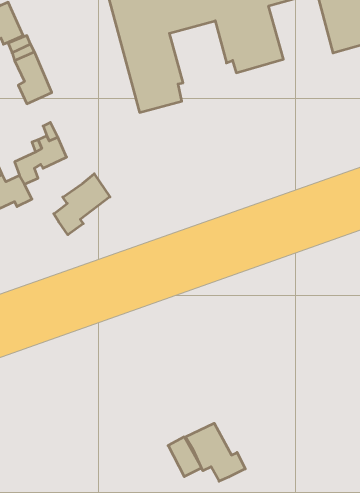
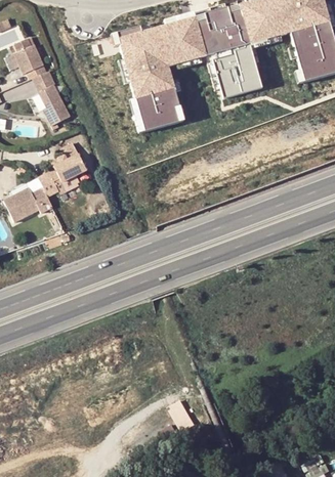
building: [54,174,110,235] -> none
building: [185,423,245,481] -> none

